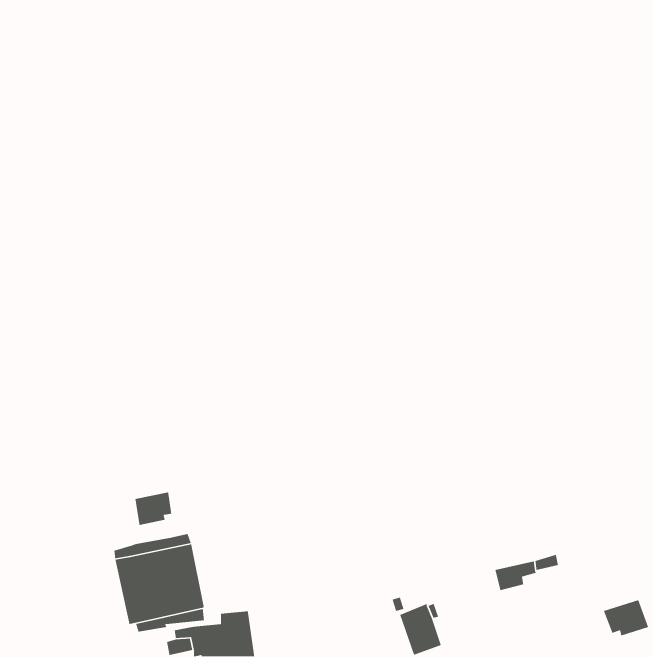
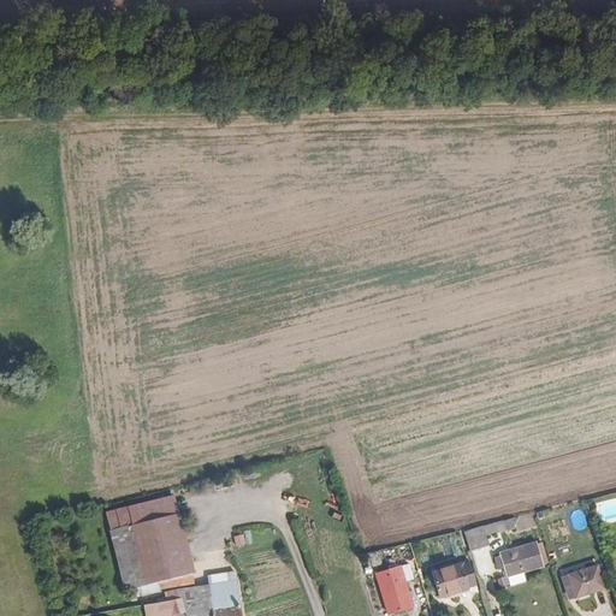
building: [134,492,172,526] -> none
building: none -> [496,546,546,585]
building: none -> [430,555,475,593]

